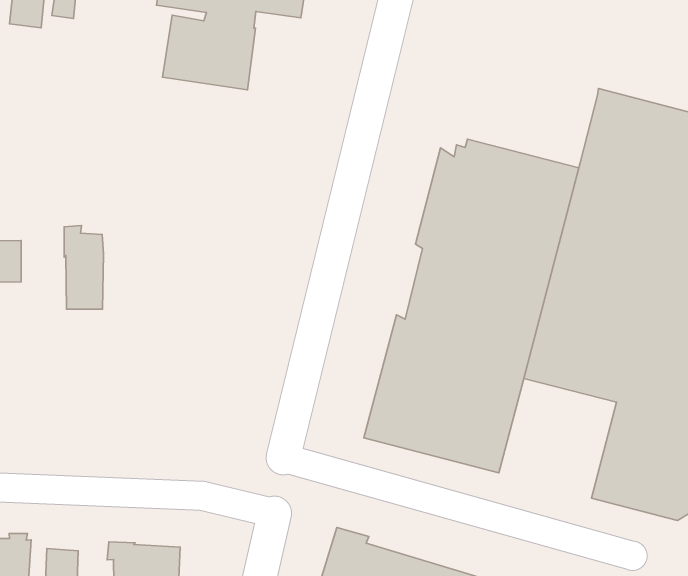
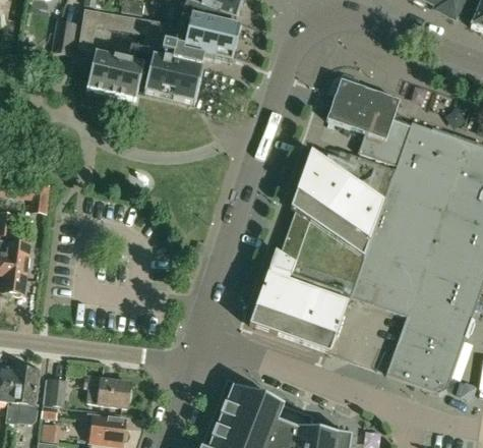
building: none -> [87,51,145,100]
building: none -> [326,73,411,167]
building: [64,226,103,309] -> none

